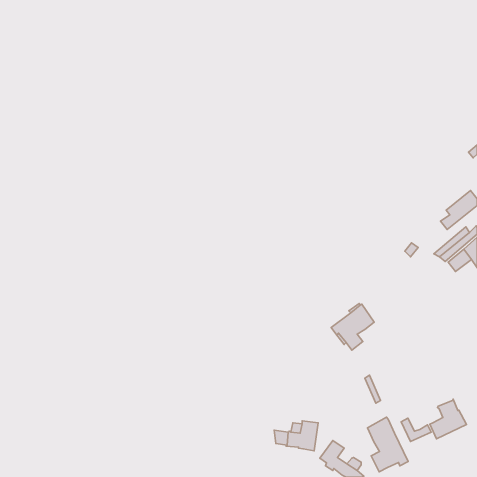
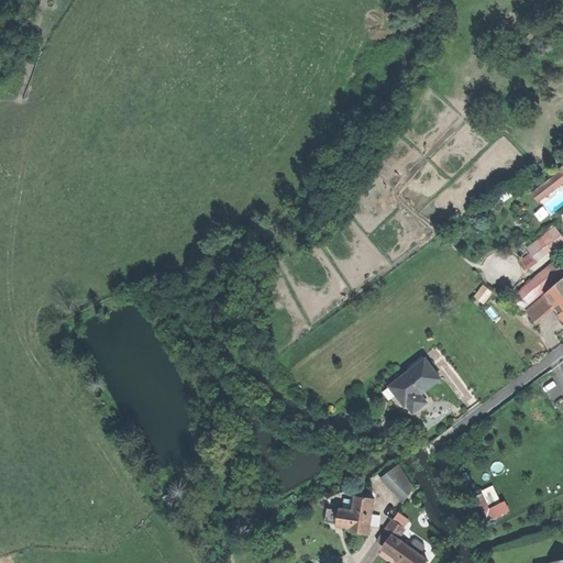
building: none -> [380,463,417,501]
building: [430,399,466,439] -> none
building: [368,417,408,472] -> none

